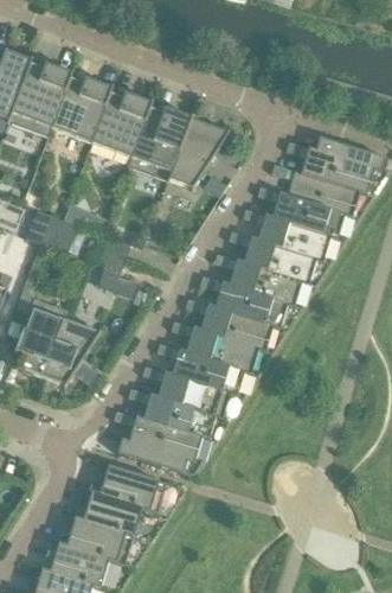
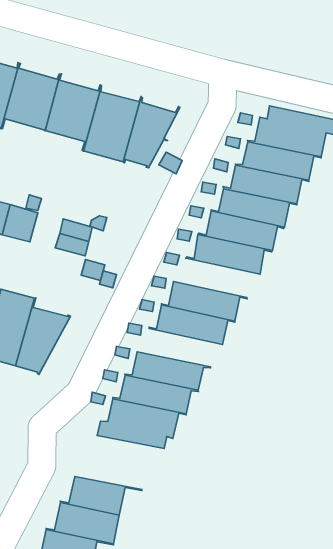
building: [206,281,294,326] -> none
building: [163,349,250,393] -> none
building: [90,464,166,510] -> none

